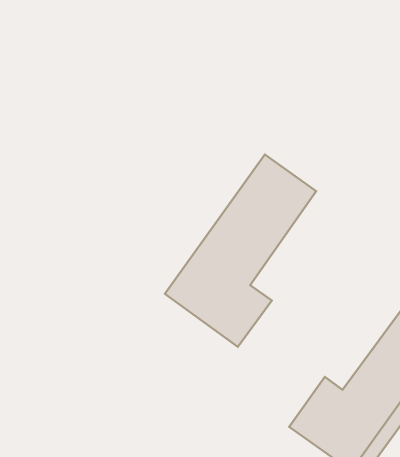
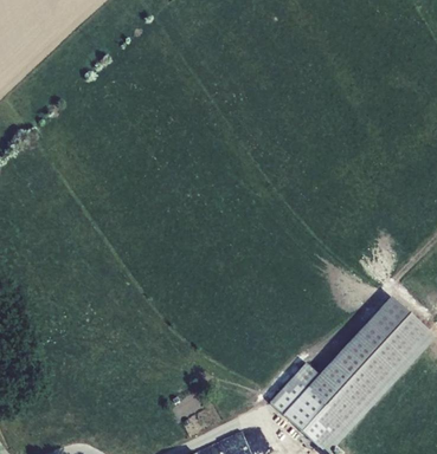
building: [165,155,316,347] -> none

